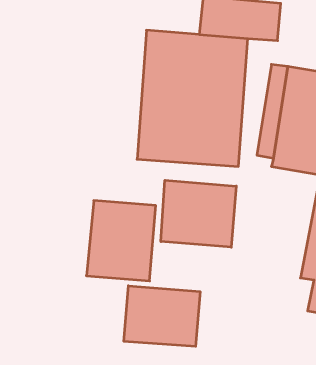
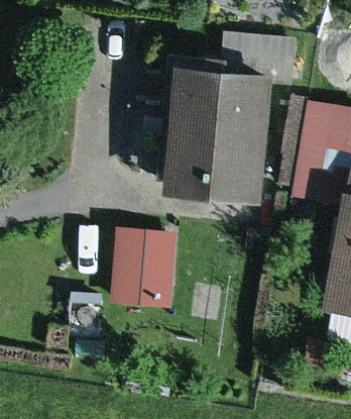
building: [161,180,236,247] -> none
building: [124,286,200,346] -> none

